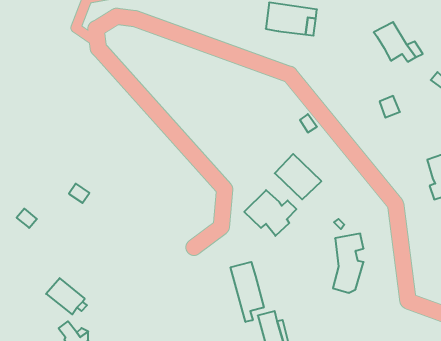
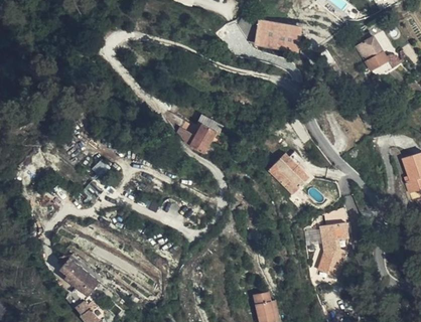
building: none -> [176,124,216,153]
building: [244,190,296,236] -> none
building: [231,262,264,322] -> none

